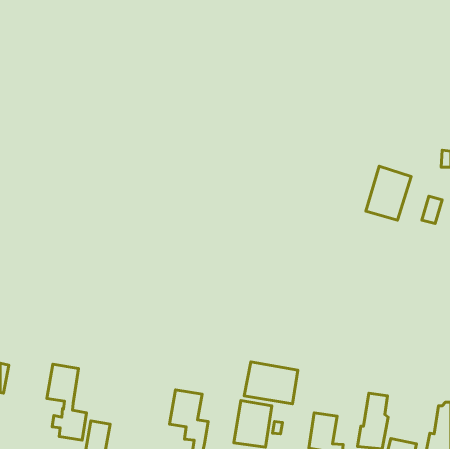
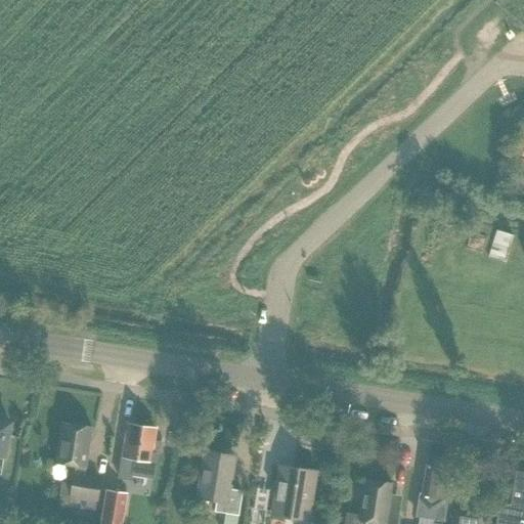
building: [366,166,411,220] -> none
building: [244,362,298,404] -> none
building: none -> [119,427,160,482]

